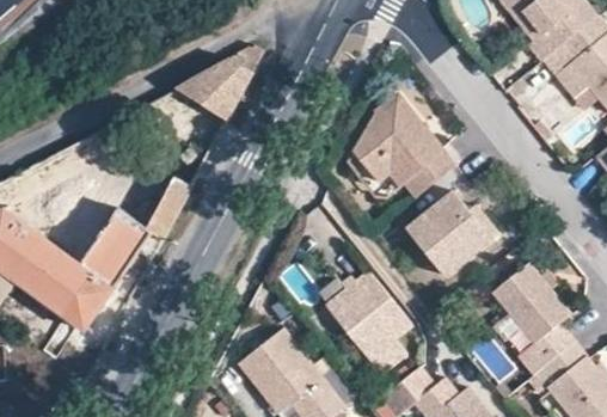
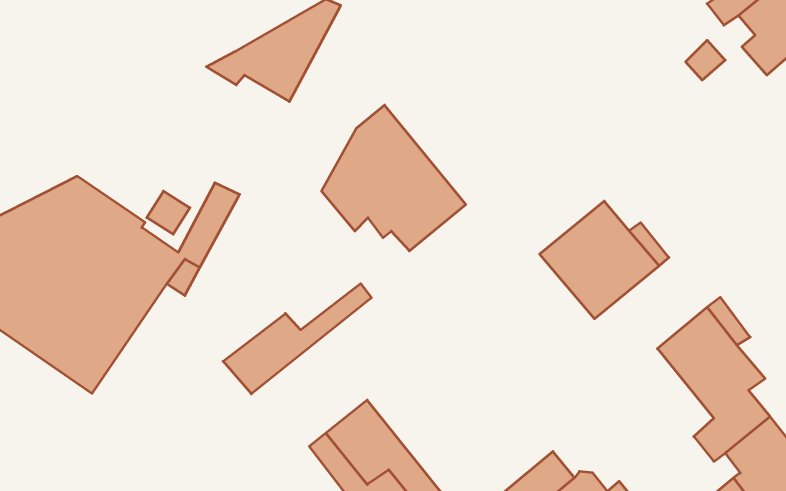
building: [352,94,456,200] -> [322,105,466,251]
building: none -> [223,284,371,394]
building: [325,272,411,375] -> none

